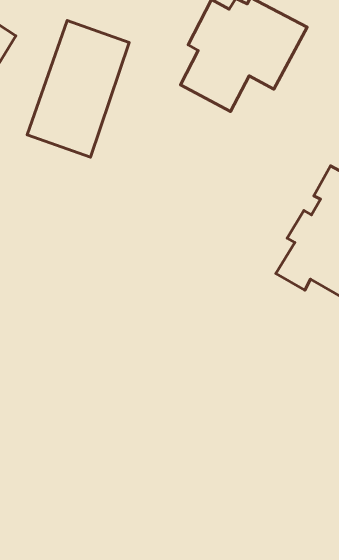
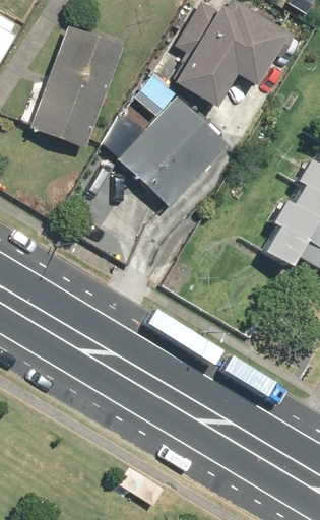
building: none -> [117,94,231,208]

